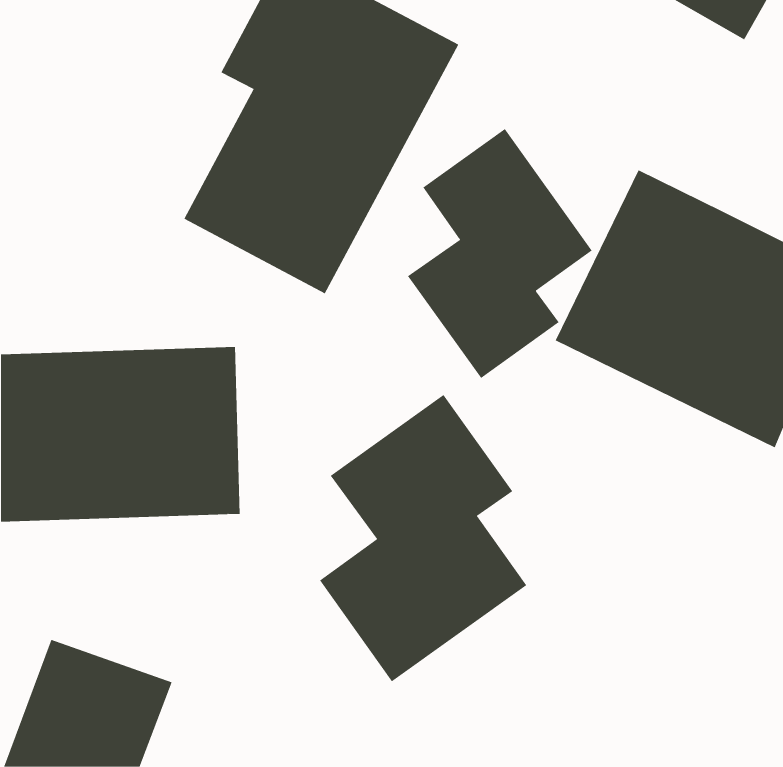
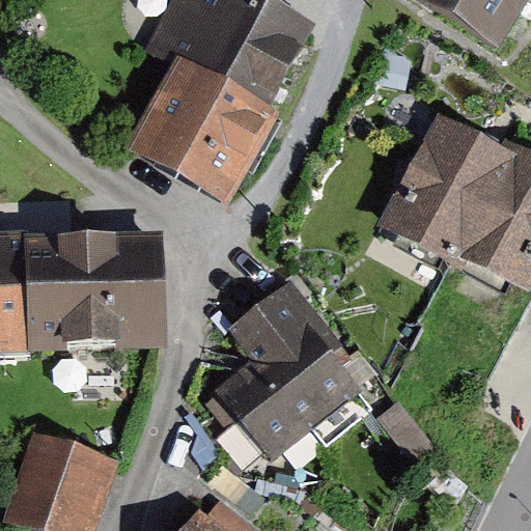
building: [407,128,593,379] -> none

